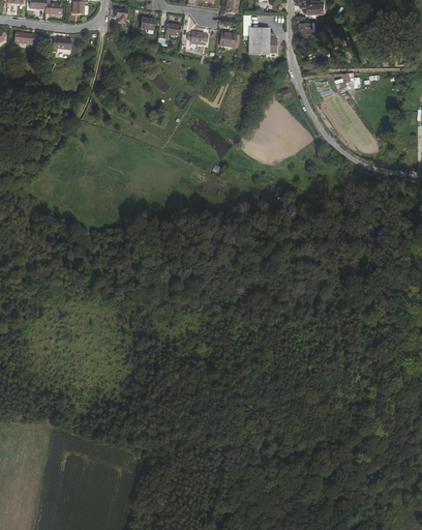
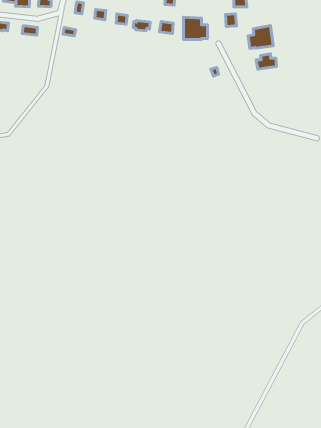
building: none -> [248,26,273,48]

